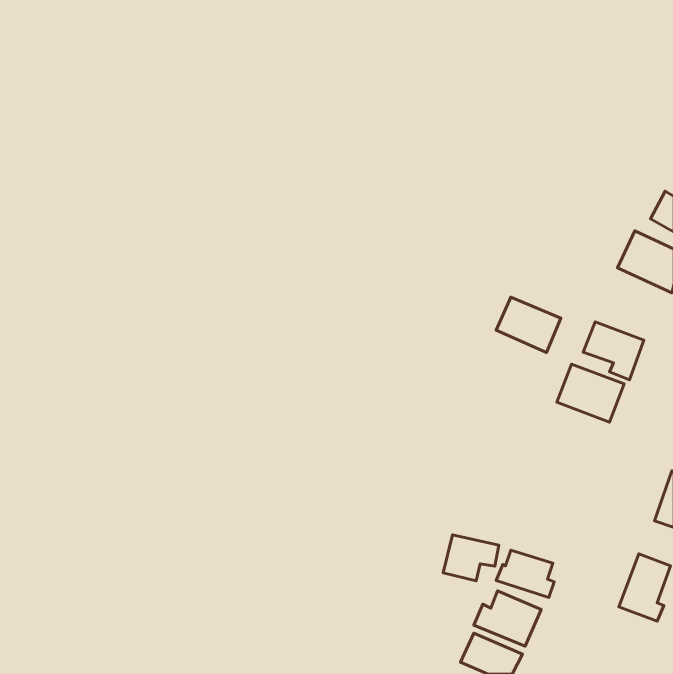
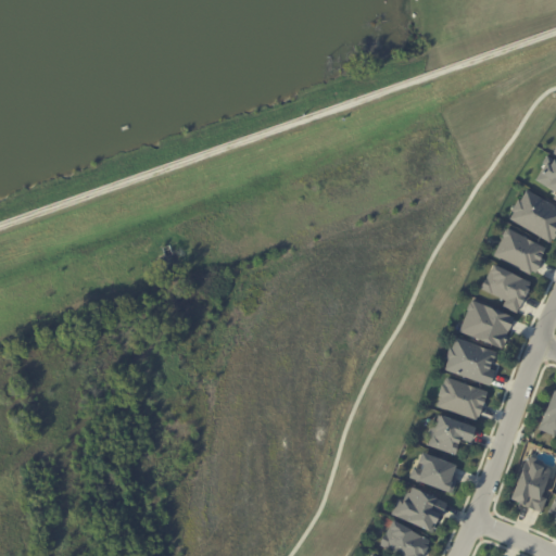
building: [496,297,561,353] -> [494,229,547,275]
building: none -> [443,338,496,384]
building: none -> [435,377,488,420]
building: [443,535,499,581] -> [429,416,475,454]

